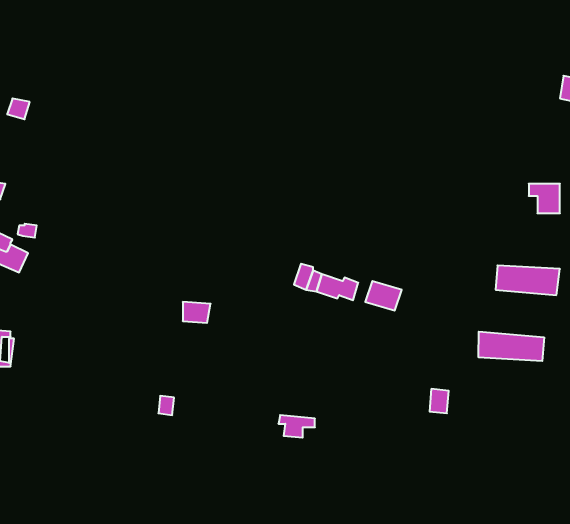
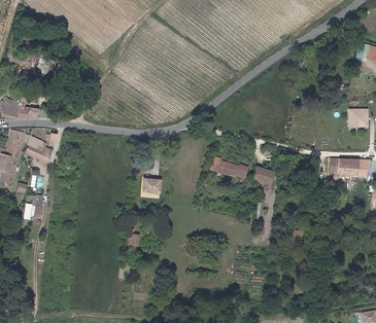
building: [479,332,544,361] -> none

